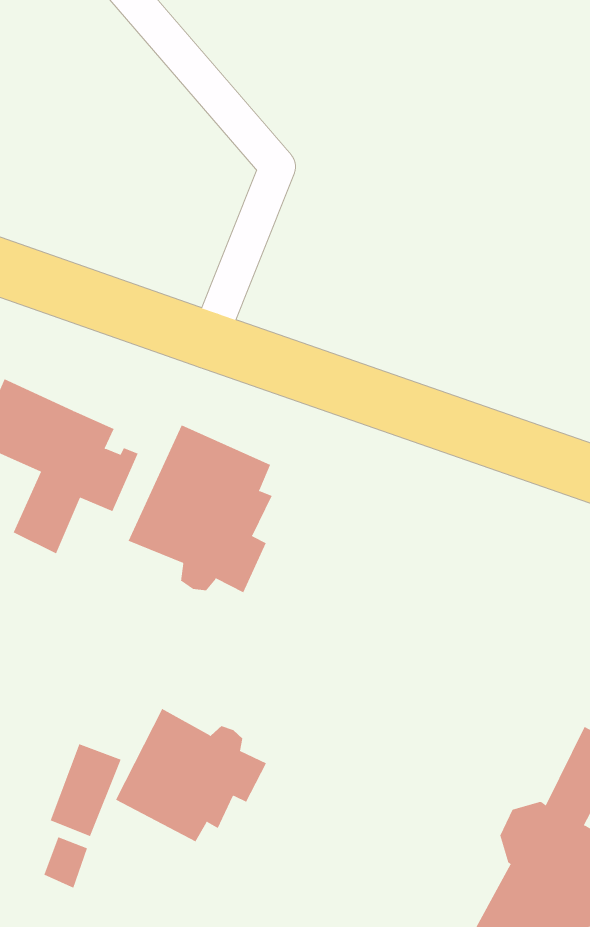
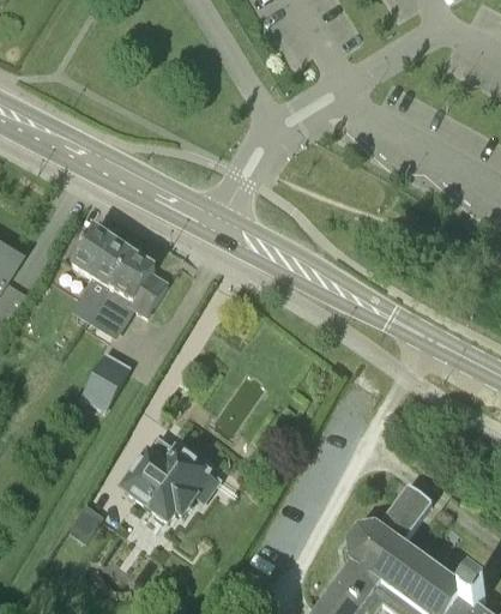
building: [128,424,273,593] -> none
building: [50,744,121,837] -> [82,353,129,409]

